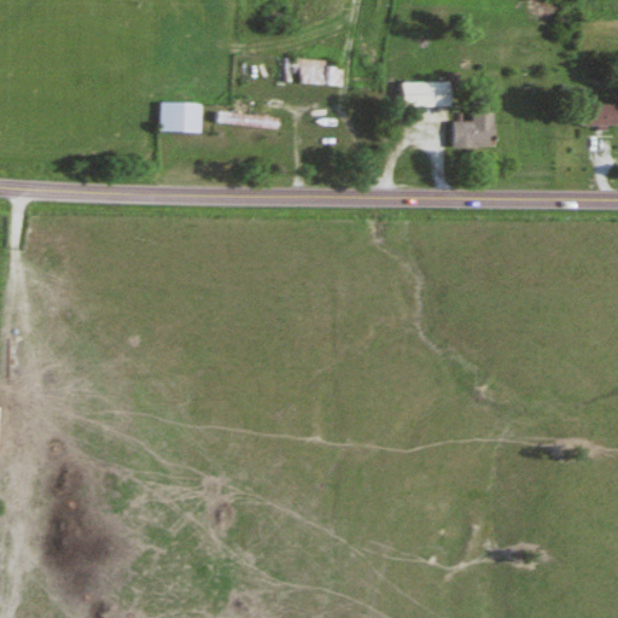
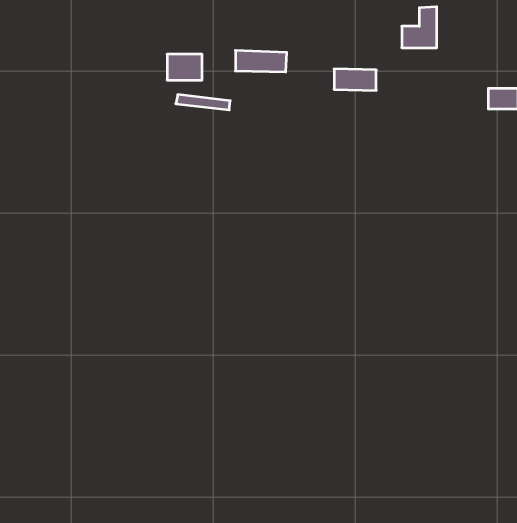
building: [453,99,494,147] -> [402,7,437,48]
building: [159,101,200,132] -> [167,54,202,80]

